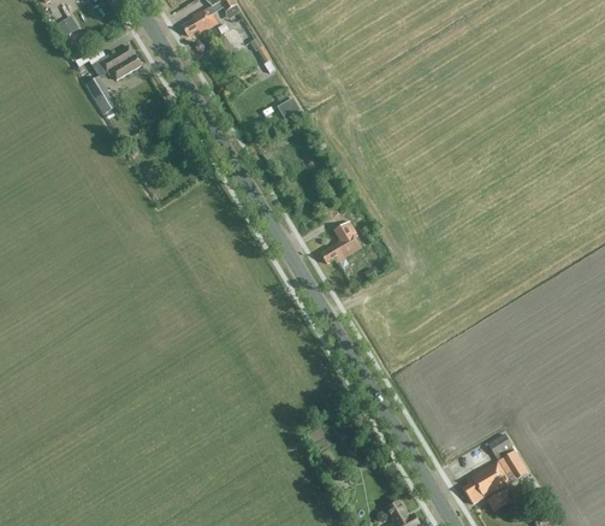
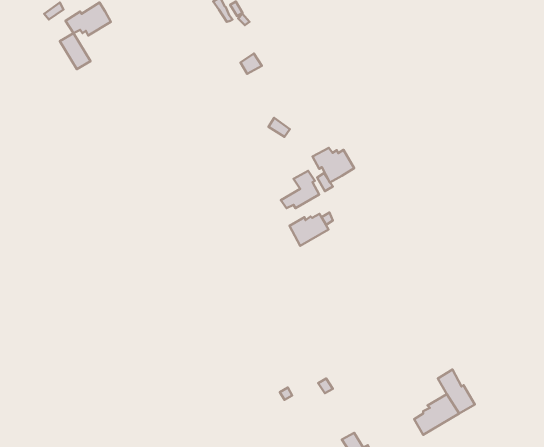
building: none -> [313,148,354,182]
building: none -> [290,214,329,246]

